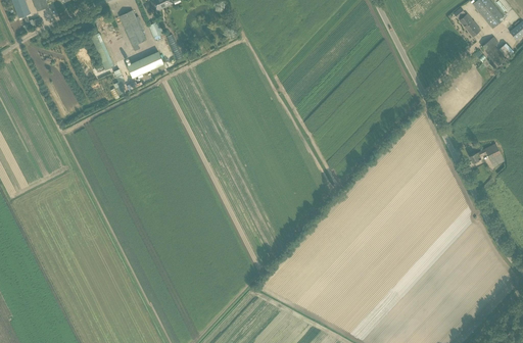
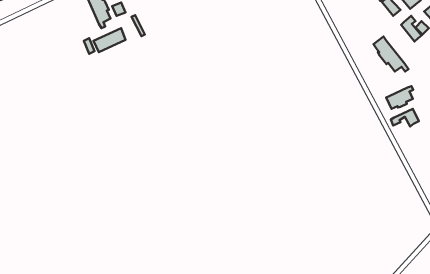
building: none -> [373,36,408,71]
building: none -> [386,86,413,109]

